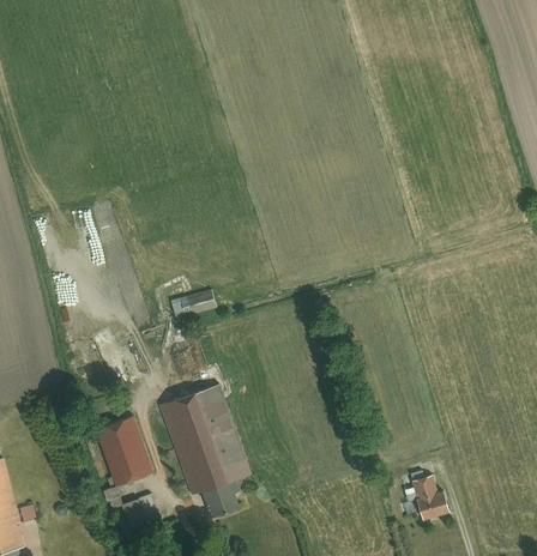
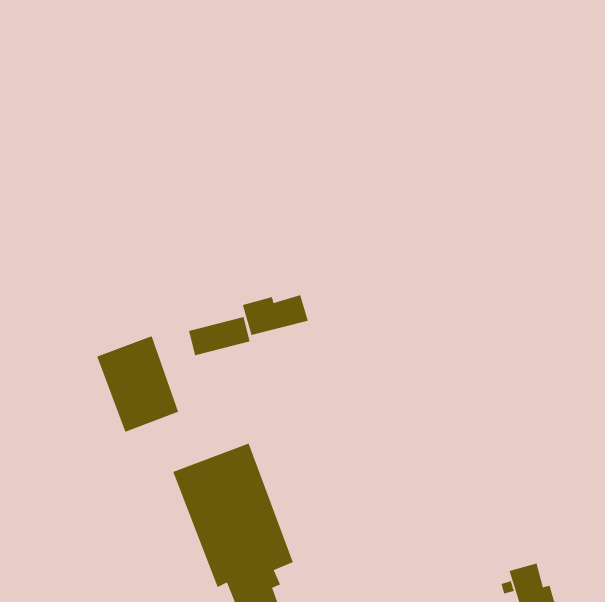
building: none -> [242,294,309,336]
building: [91,415,153,488] -> [96,335,179,433]

